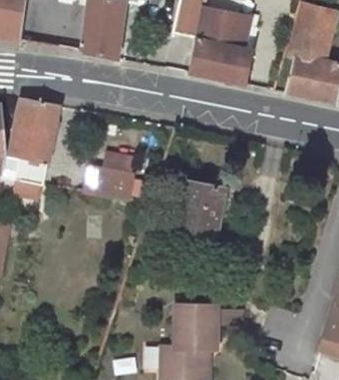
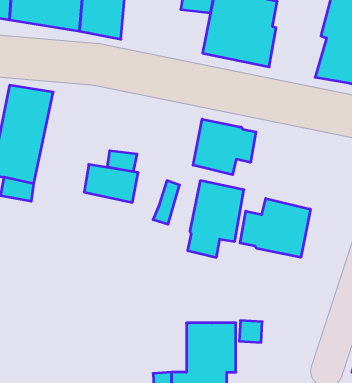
building: none -> [193,119,256,175]
building: none -> [240,198,310,257]

